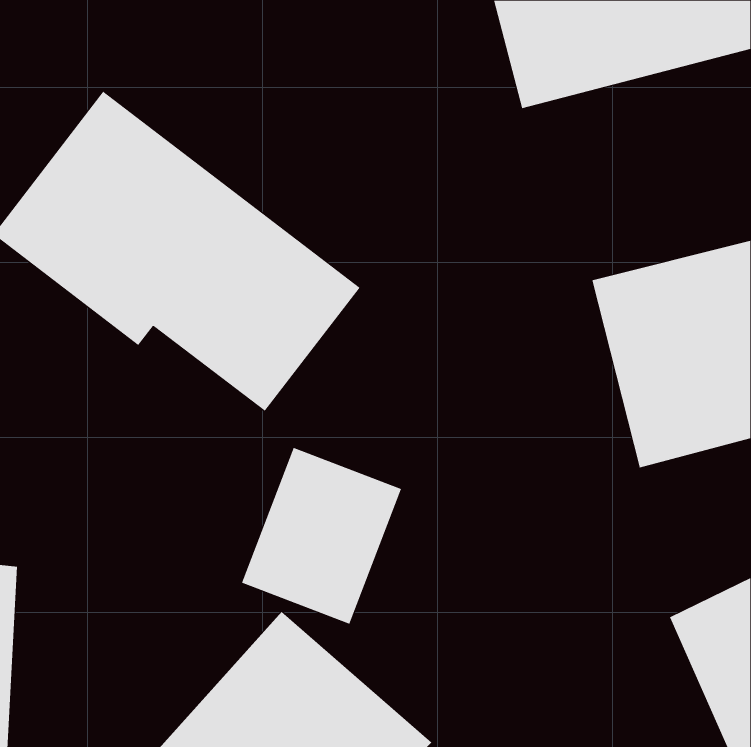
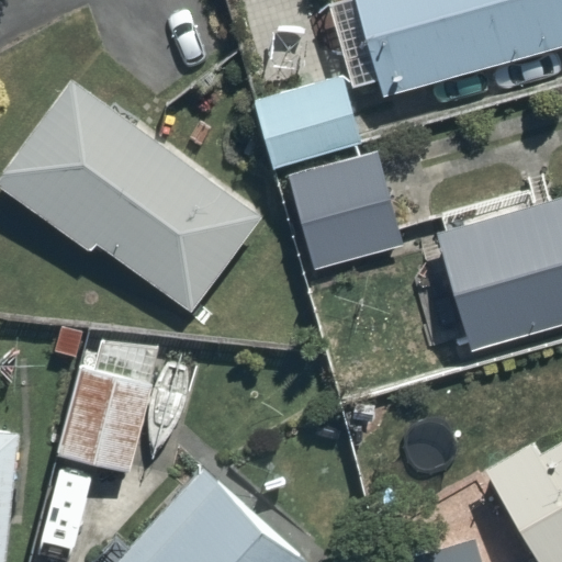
building: none -> [241,75,359,167]
building: none -> [284,151,405,277]
building: [241,447,402,625] -> [47,359,166,490]

